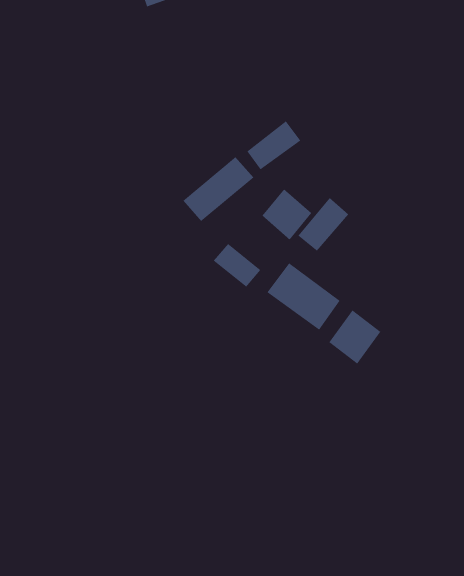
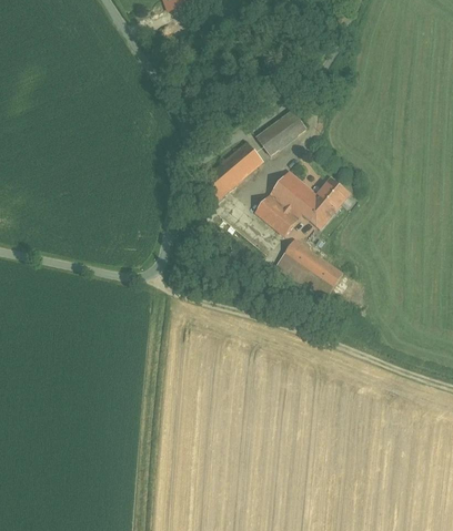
building: [213,243,261,288] -> [254,195,298,235]
building: [329,309,381,365] -> none

